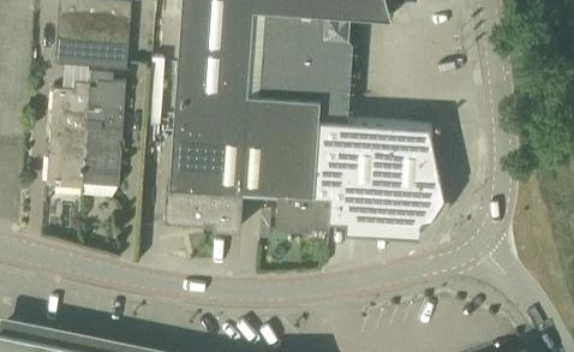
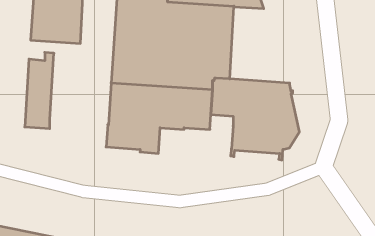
building: [83,71,125,196] -> none
building: [275,172,348,229] -> none

